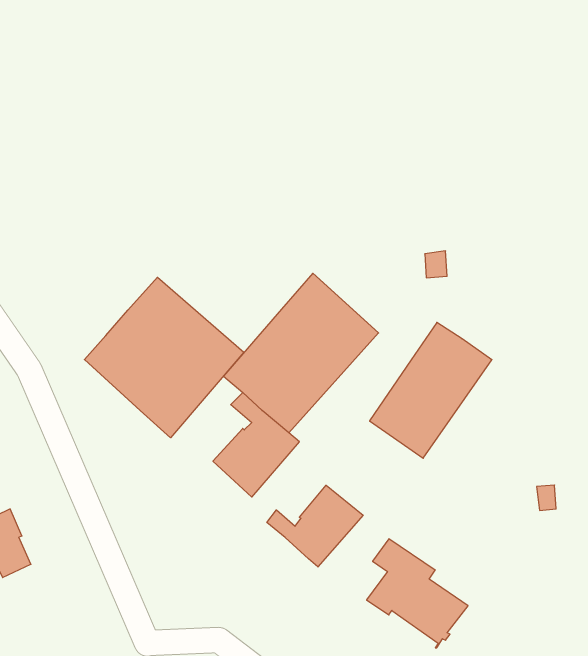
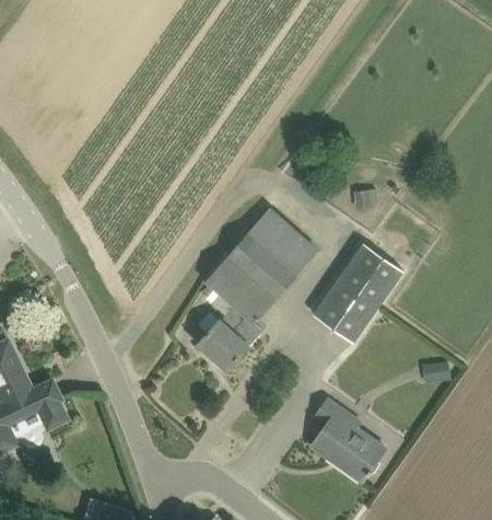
building: [84,277,244,438] -> none
building: [267,485,363,567] -> none

